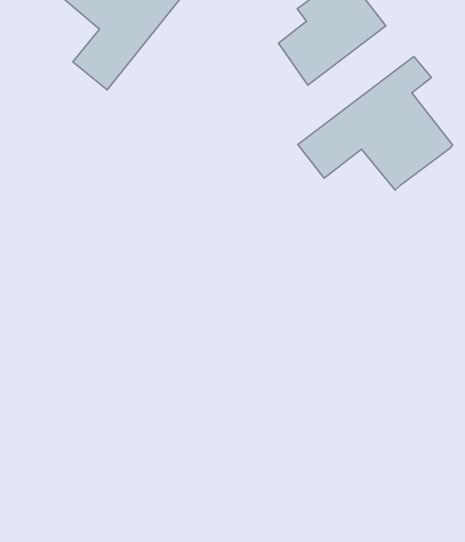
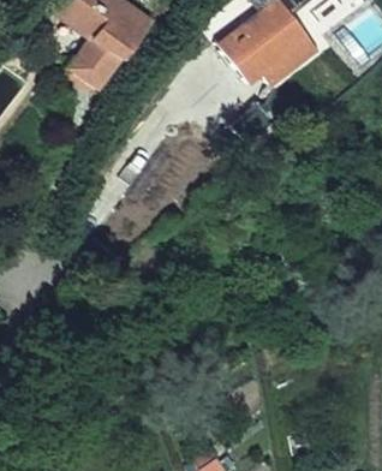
building: [298,56,452,190] -> none

